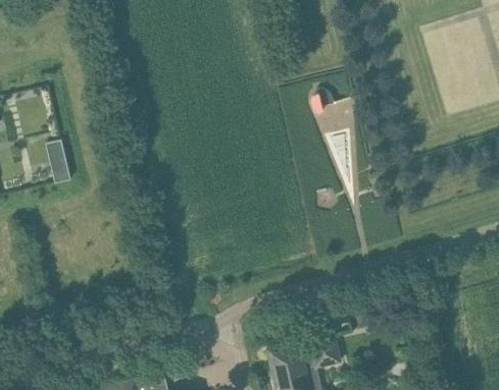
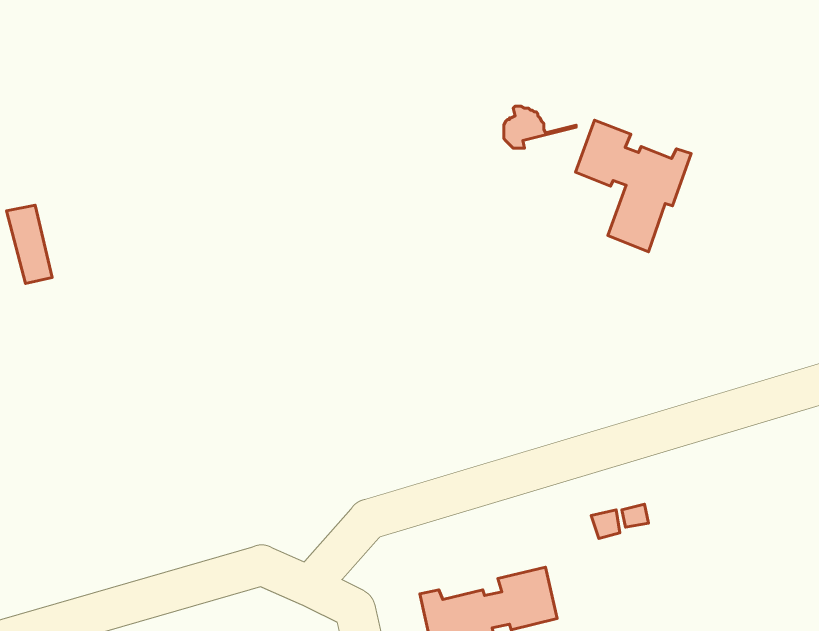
building: none -> [576,120,691,252]

